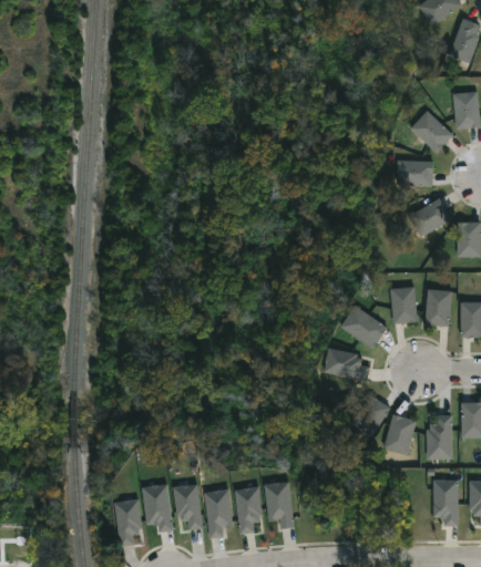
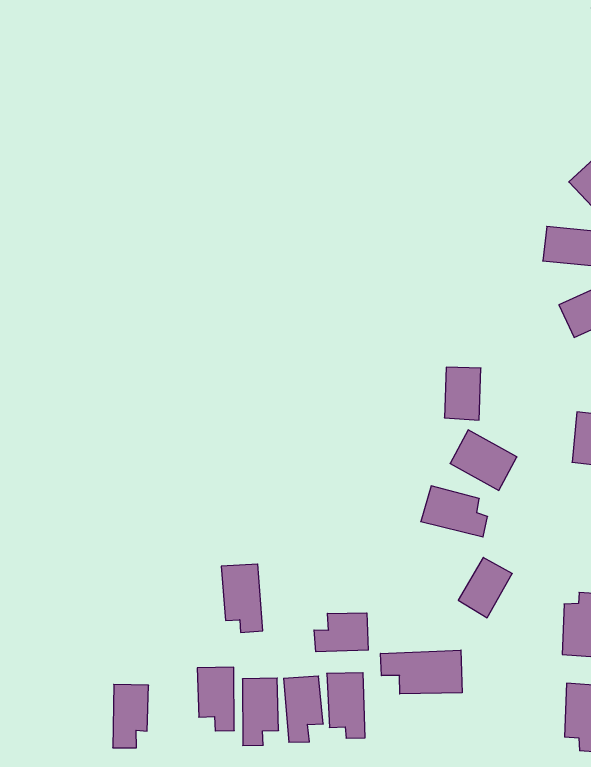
building: [391,287,417,323] -> [444,367,481,420]
building: [383,414,417,455] -> none
building: none -> [314,613,368,652]
building: none -> [381,650,462,694]
building: [142,484,174,533] -> [221,564,263,632]

